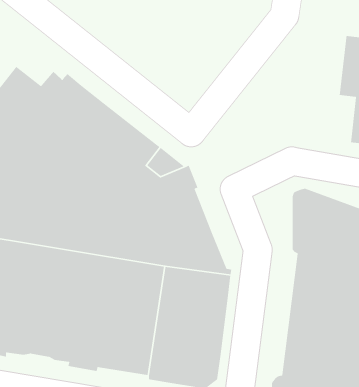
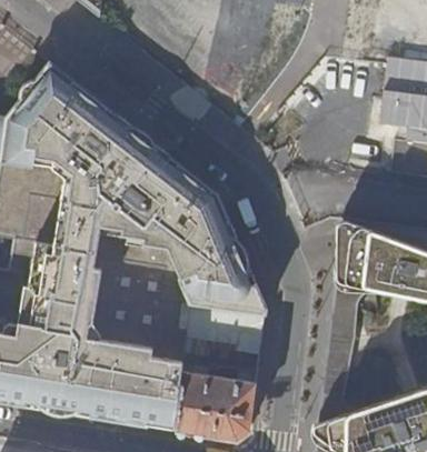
building: none -> [31,68,87,111]

